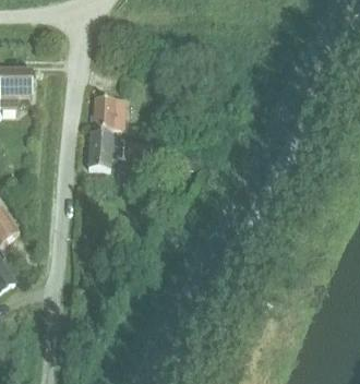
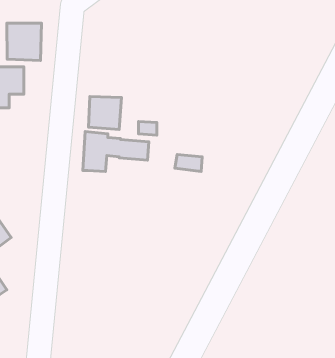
building: none -> [7,23,42,60]

